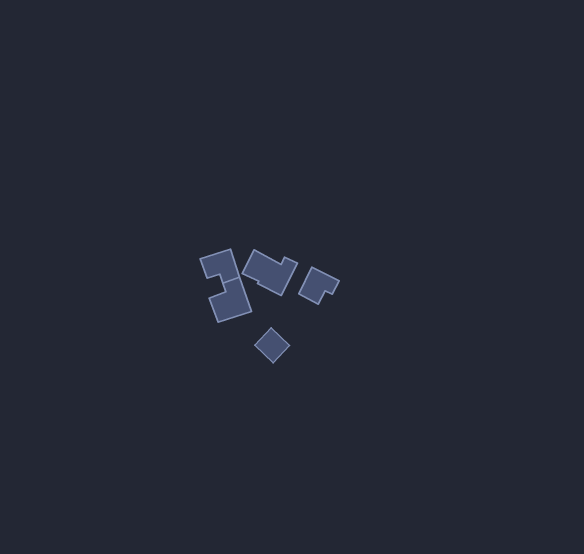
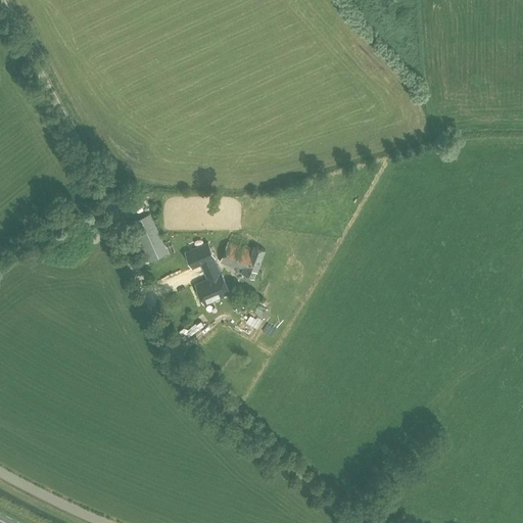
building: none -> [130,213,167,262]
building: [299,267,339,304] -> none

